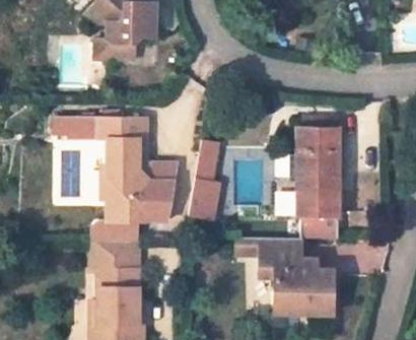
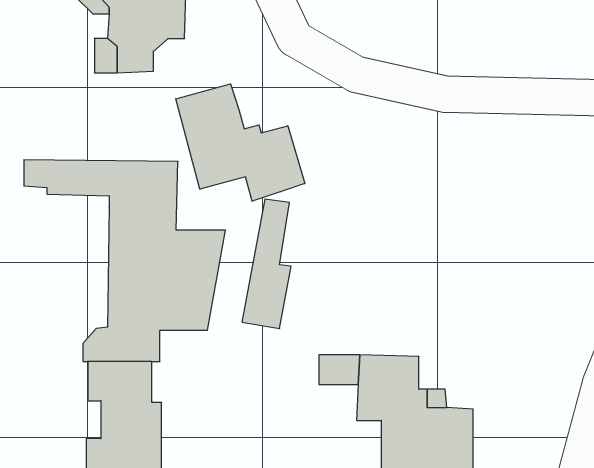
building: none -> [176,84,305,201]
building: [275,118,341,237] -> none

